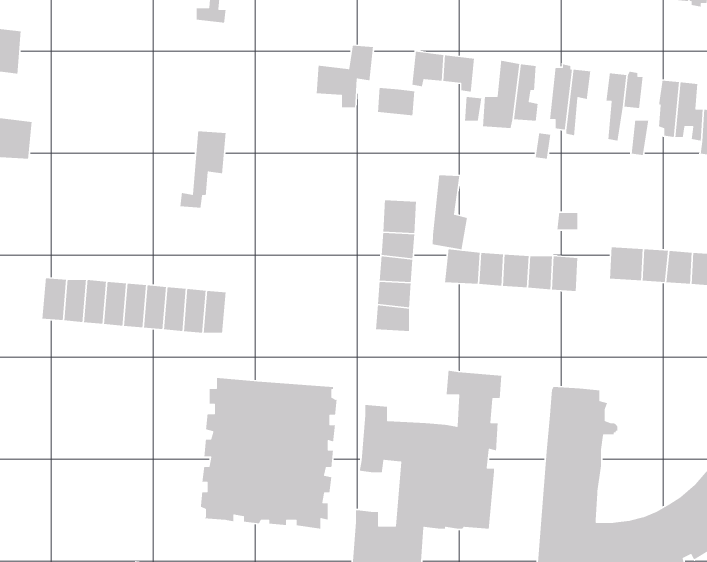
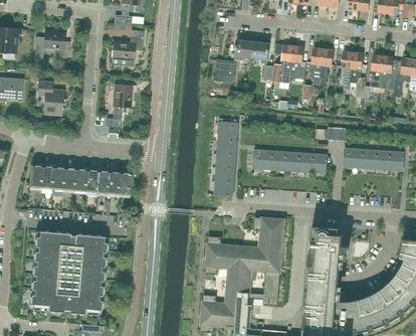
building: none -> [34,30,70,58]
building: [316,45,374,108] -> [112,30,144,65]
building: none -> [37,80,64,115]
building: [432,174,468,250] -> none
building: [200,377,338,530] -> [30,230,107,315]

